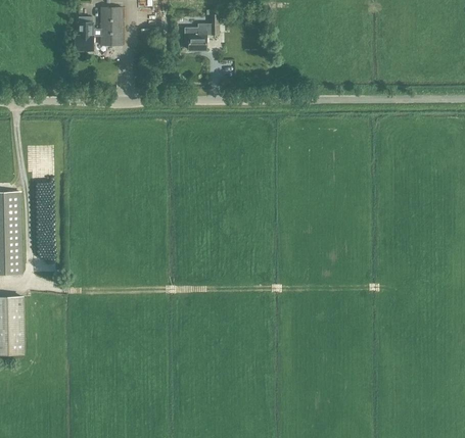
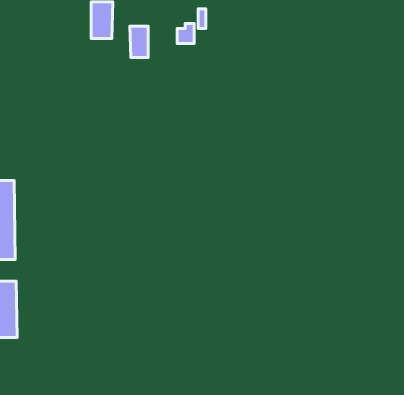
building: [74,18,91,51] -> none
building: none -> [130,26,148,58]

